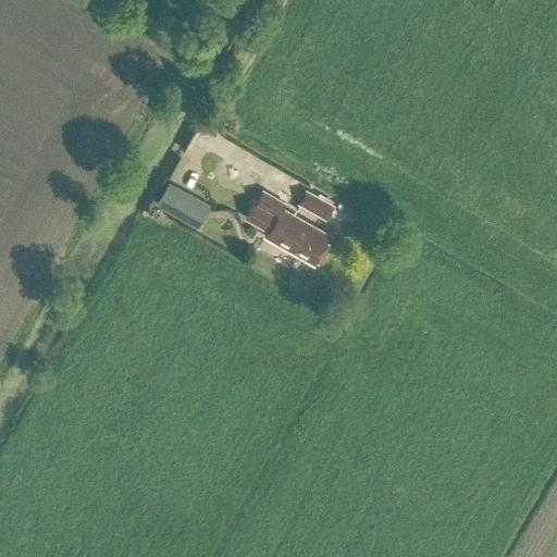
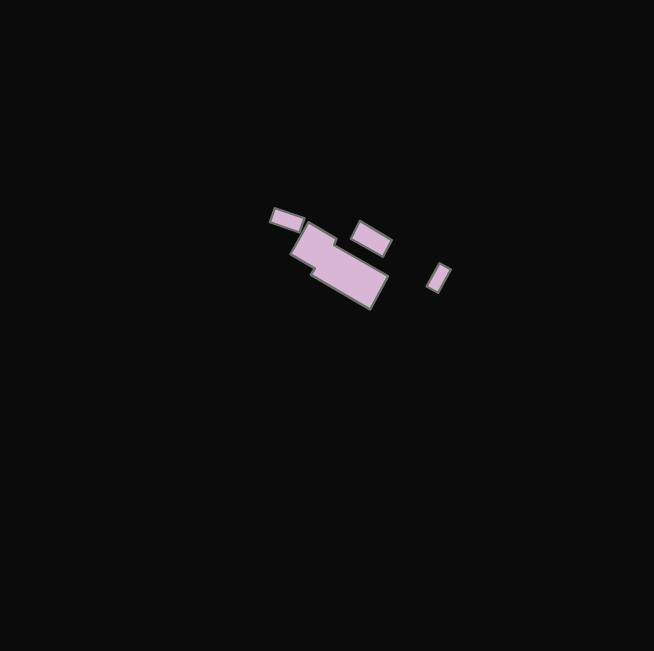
building: [157,183,212,231] -> none

